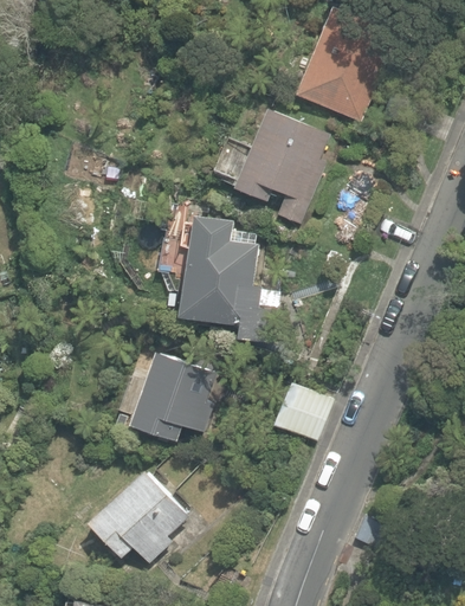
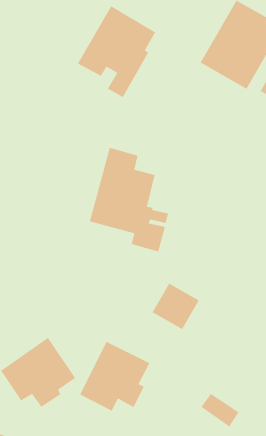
building: [234,108,331,225] -> [77,5,156,98]
building: [131,352,218,441] -> [79,341,150,412]

